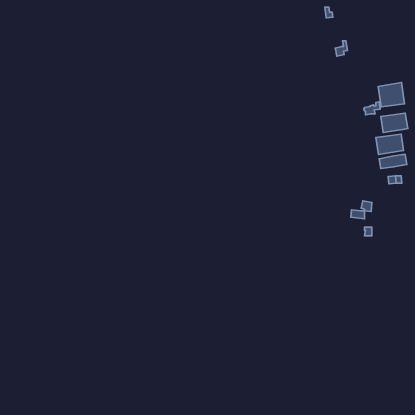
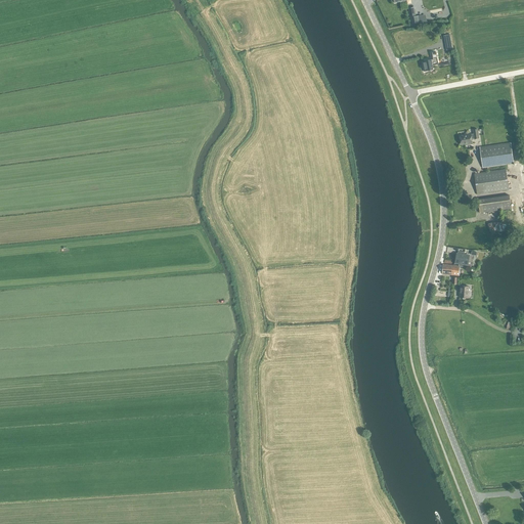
building: [378,83,405,107] -> none

